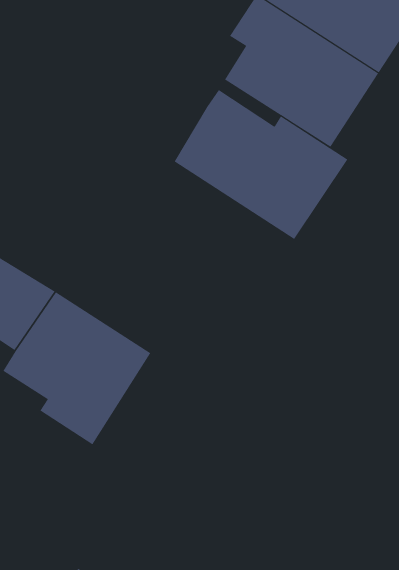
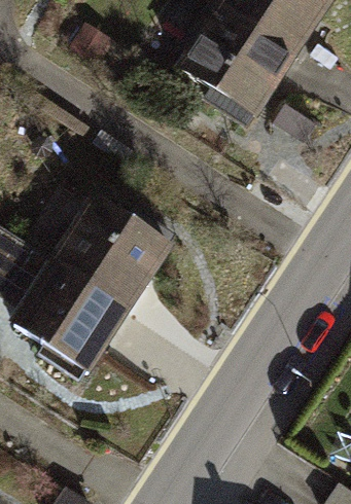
building: [174,89,348,240] -> none
building: none -> [48,193,175,308]

